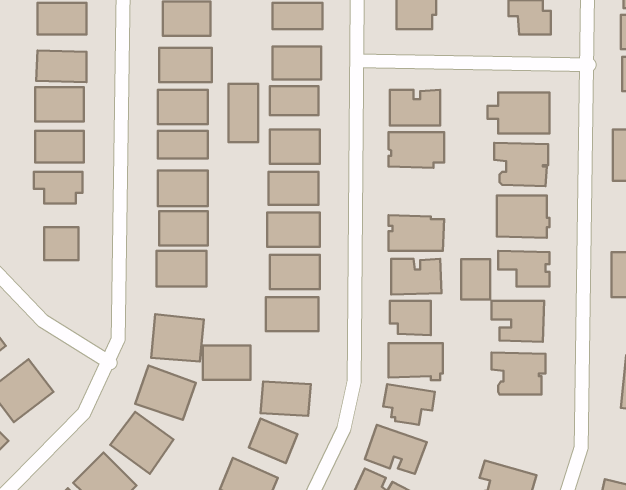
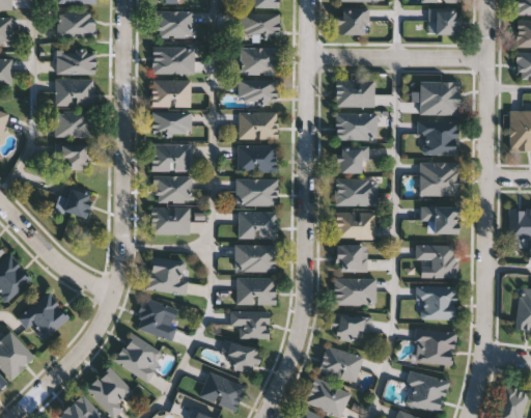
building: [229,84,258,142] -> none
building: none -> [334,147,367,174]
building: [461,259,490,300] -> none
building: [203,345,250,380] -> [239,277,276,304]
building: none -> [413,330,455,368]

